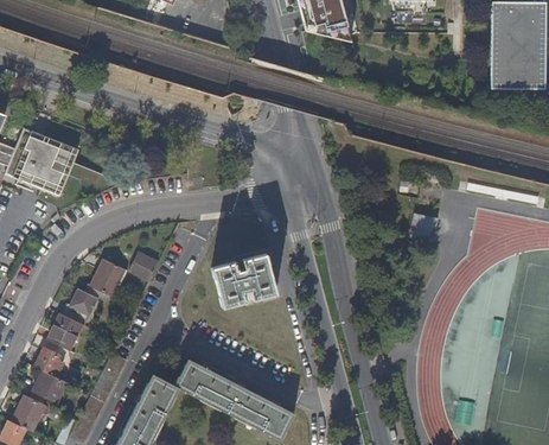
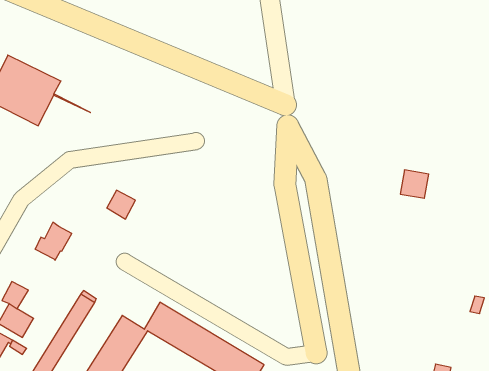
building: [211,254,275,309] -> none
building: [84,259,125,303] -> none
building: [47,314,82,351] -> none

